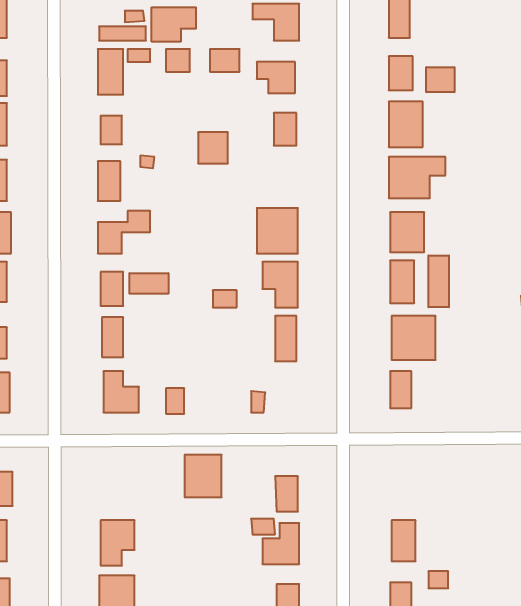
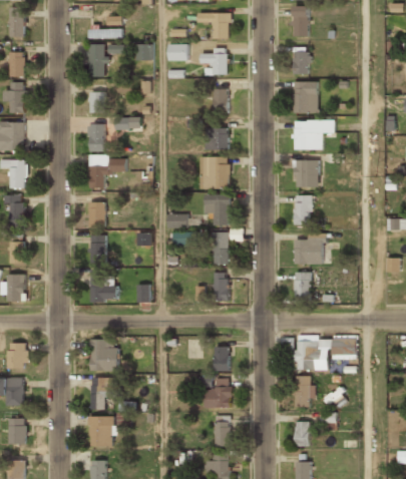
building: [152,7,196,42] -> none
building: [426,67,454,92] -> none
building: [198,132,228,163] -> [208,127,229,149]
building: [428,255,449,307] -> none
building: [129,273,168,294] -> none
building: none -> [214,273,228,301]
building: [185,455,222,497] -> [91,340,117,370]
building: none -> [297,339,358,370]

